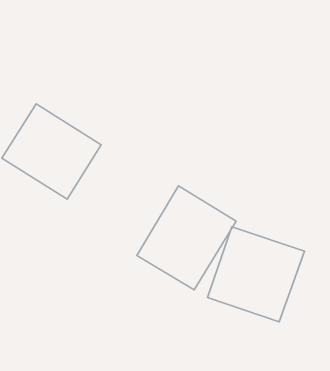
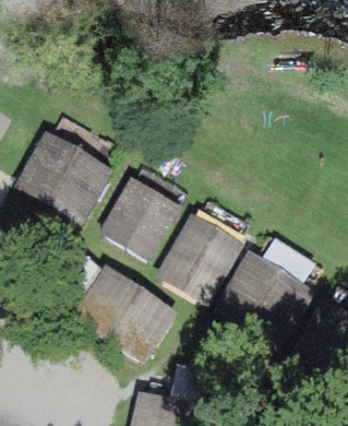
building: none -> [98,171,183,260]
building: none -> [74,264,177,362]

